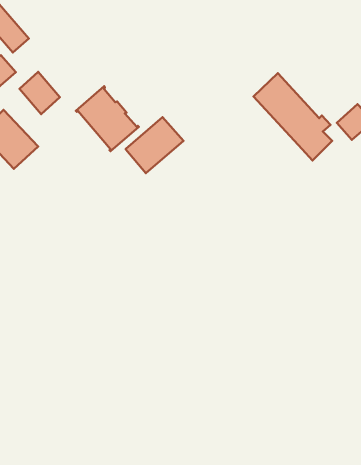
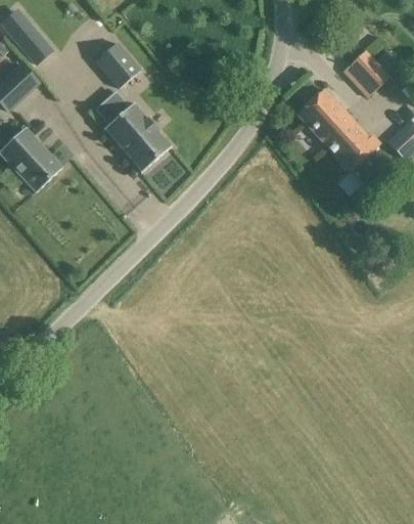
building: none -> [342,49,402,97]
building: [19,72,60,114] -> [96,42,140,88]
building: [126,117,183,173] -> none

